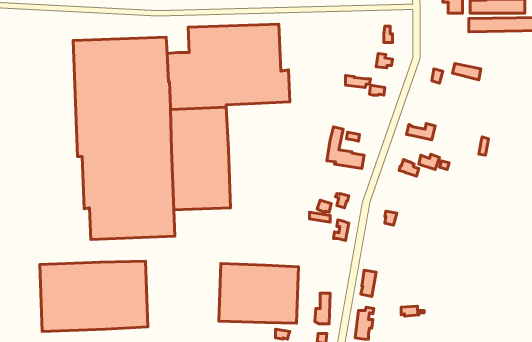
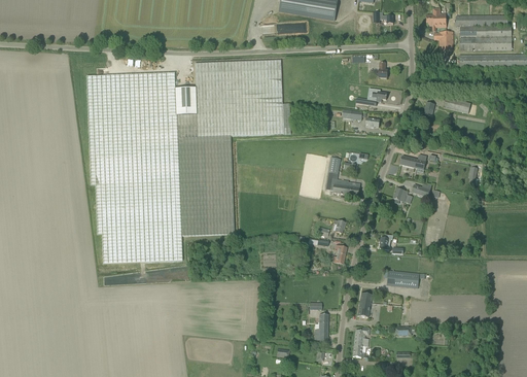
building: none -> [386,270,419,287]
building: [40,261,148,332] -> none
building: [219,263,298,323] -> none

